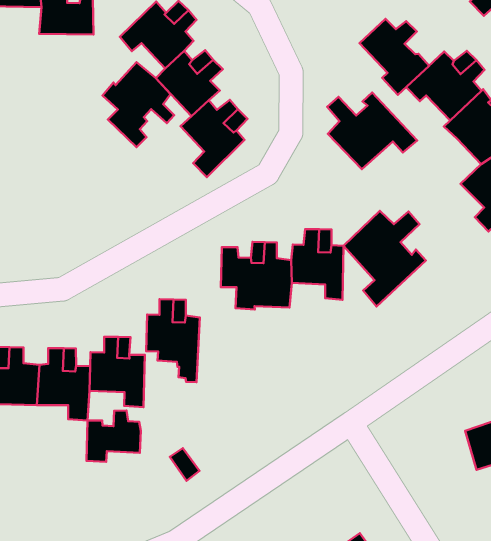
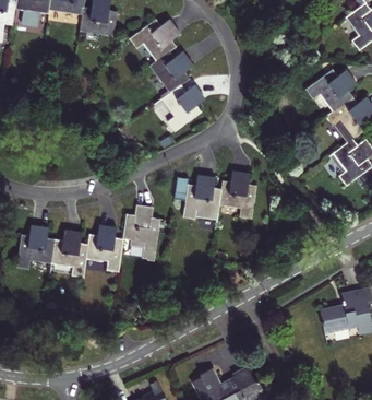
building: [359,19,429,95] -> none
building: [102,62,174,147] -> none
building: [327,93,417,169] -> none
building: [344,211,426,307] -> none
building: [86,410,141,462] -> none

